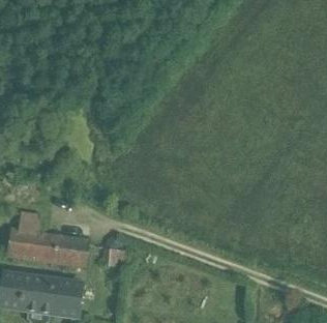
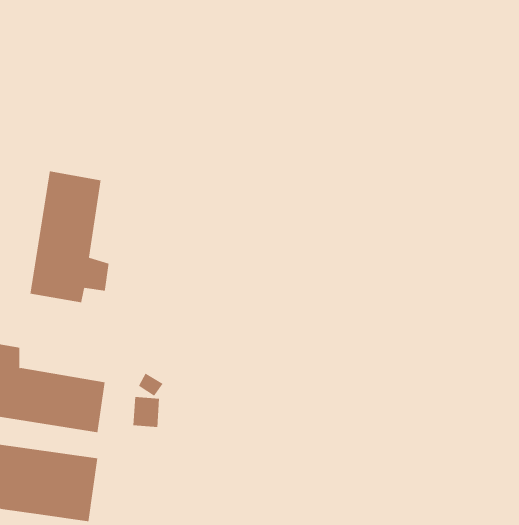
building: none -> [30,171,109,303]

